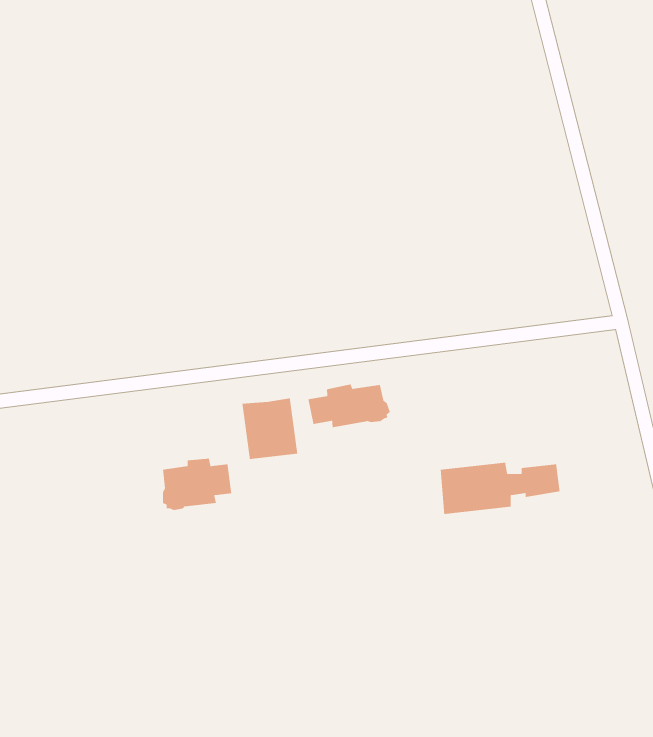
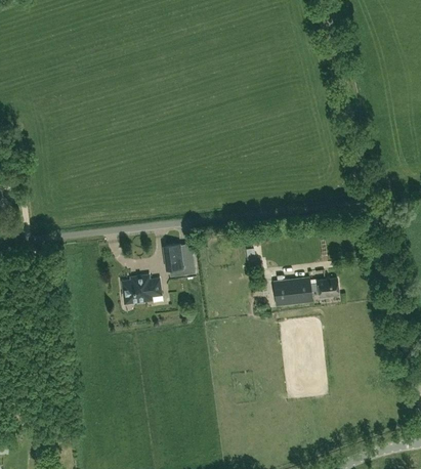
building: [308,384,391,428] -> none

